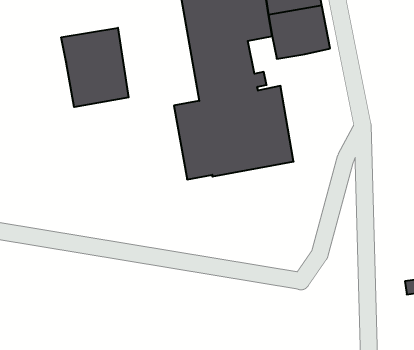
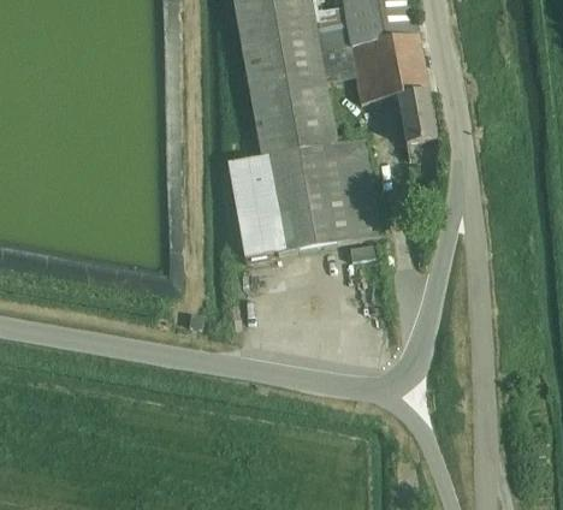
building: [61,28,129,107] -> none
building: none -> [396,88,435,142]

